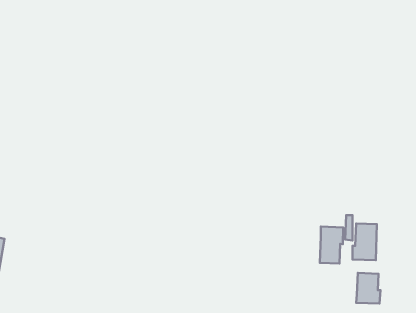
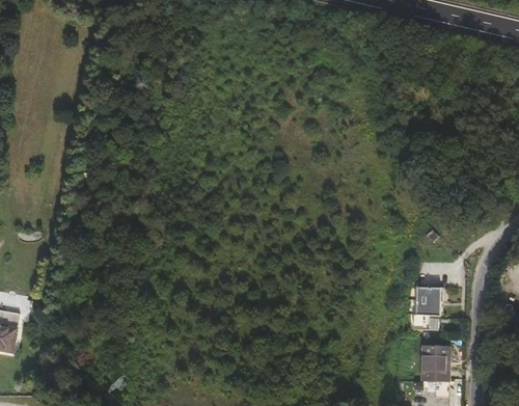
building: [320,227,343,264] -> none

